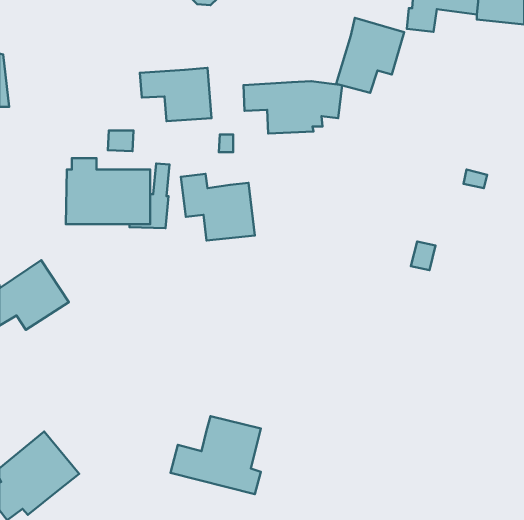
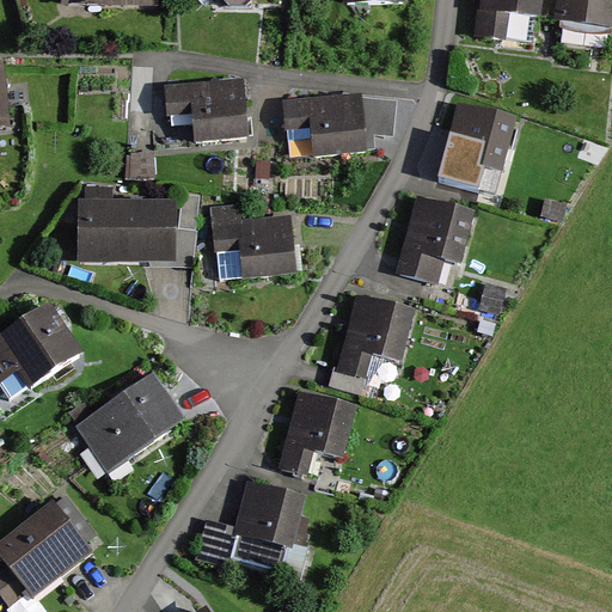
building: [336,18,404,93] -> [435,104,514,191]
building: none -> [394,196,475,282]
building: none -> [332,296,414,388]
building: none -> [74,375,182,471]
building: none -> [277,390,356,476]

